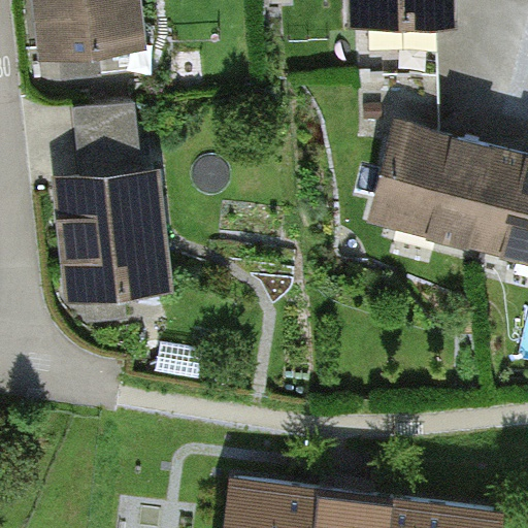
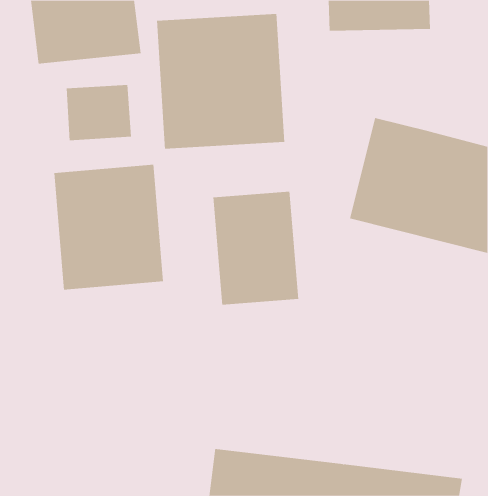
building: none -> [157,13,285,149]
building: none -> [213,191,299,306]

